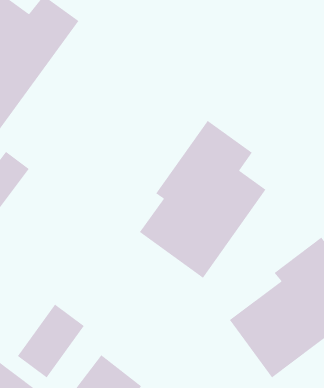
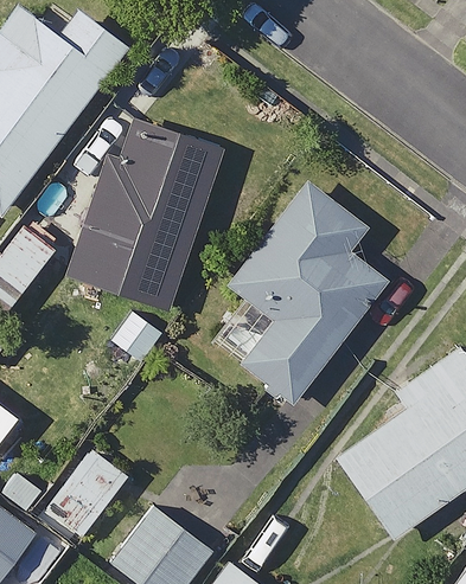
building: none -> [65,113,228,310]

